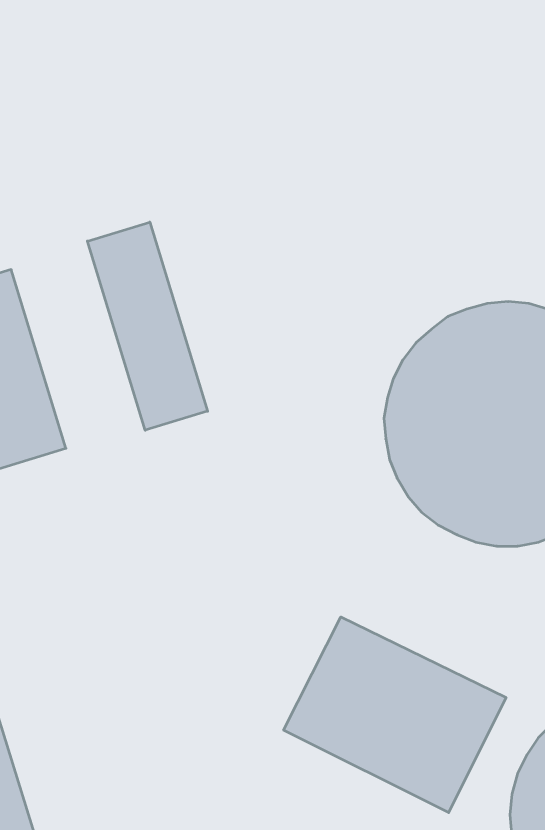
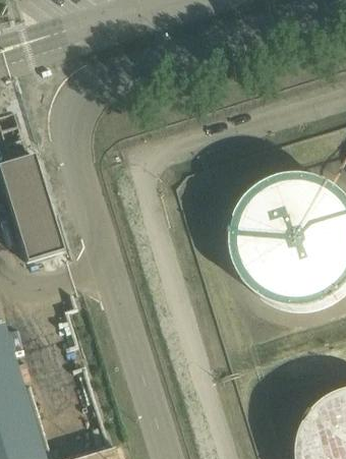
building: [87,222,208,430] -> none
building: [284,617,506,813] -> none

